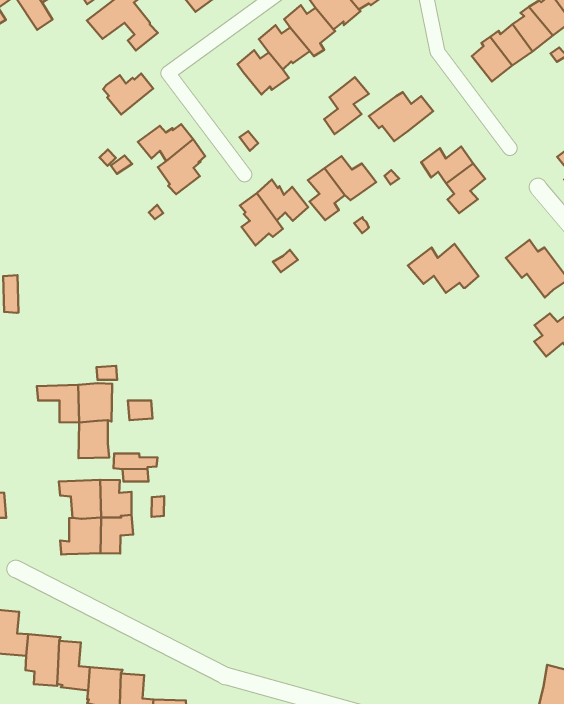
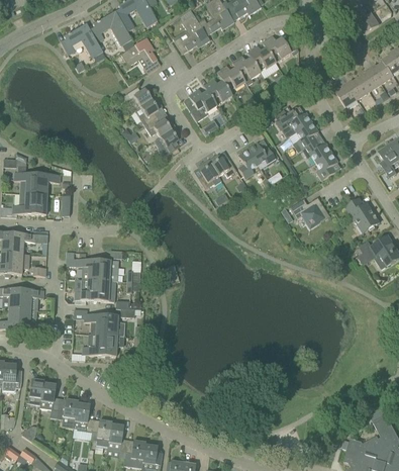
building: none -> [188,88,216,120]
building: [324,77,369,134] -> [292,120,318,152]
building: none -> [133,95,161,124]
building: none -> [74,279,98,300]

